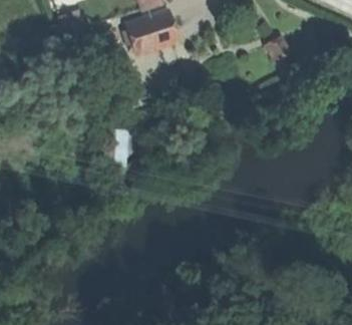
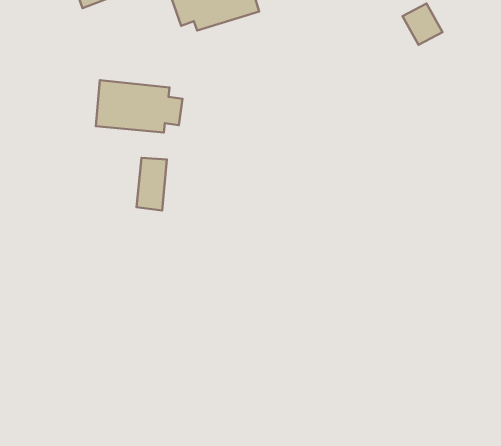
building: none -> [96,80,183,132]

